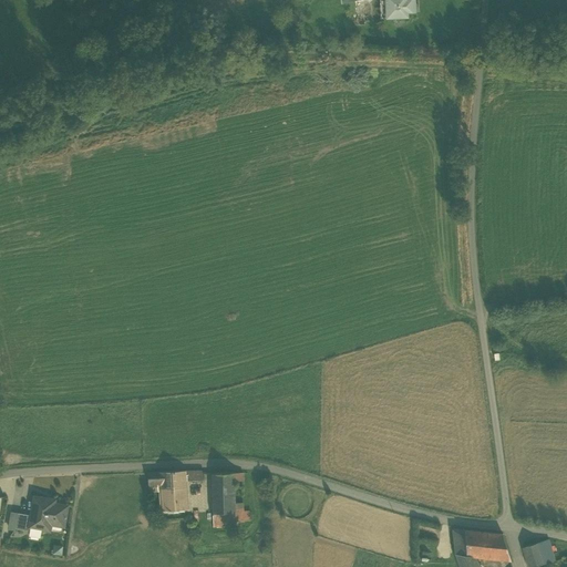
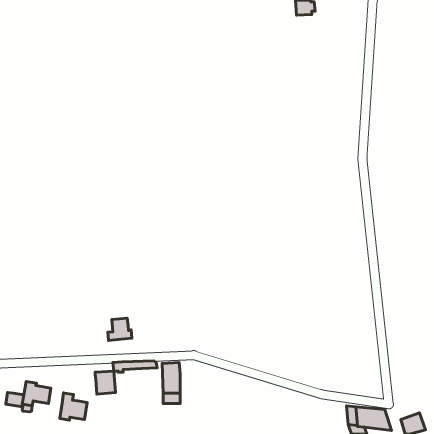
building: none -> [108,318,132,341]
building: [161,481,187,511] -> [95,371,116,394]
building: none -> [60,393,87,420]

